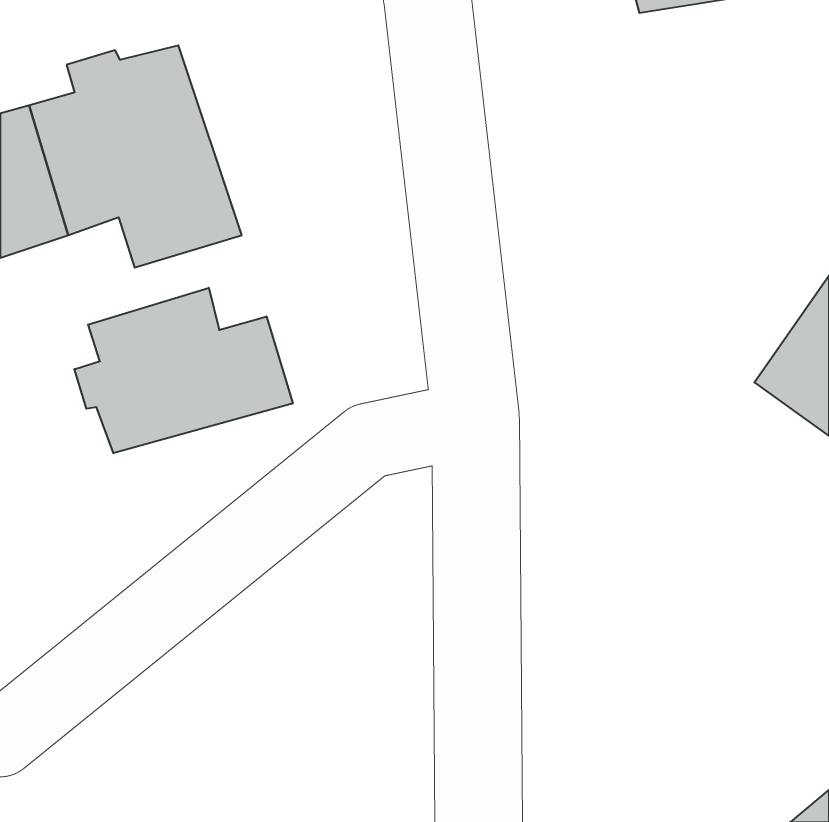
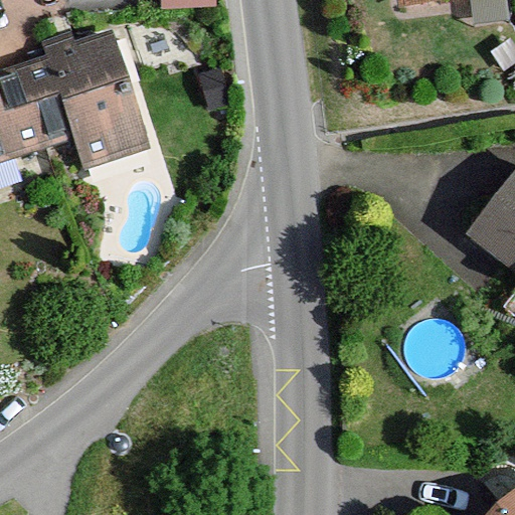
building: [74,288,293,453] -> none

